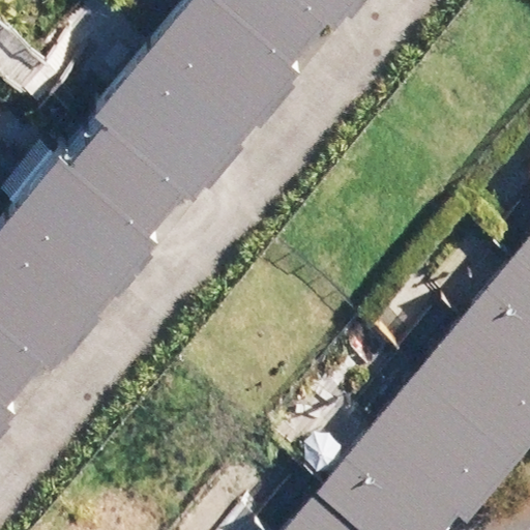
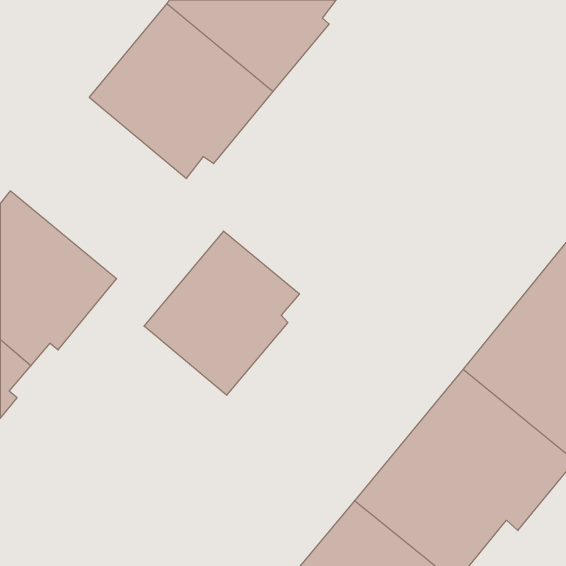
building: [26,105,185,269] -> none
building: none -> [144,231,300,395]

